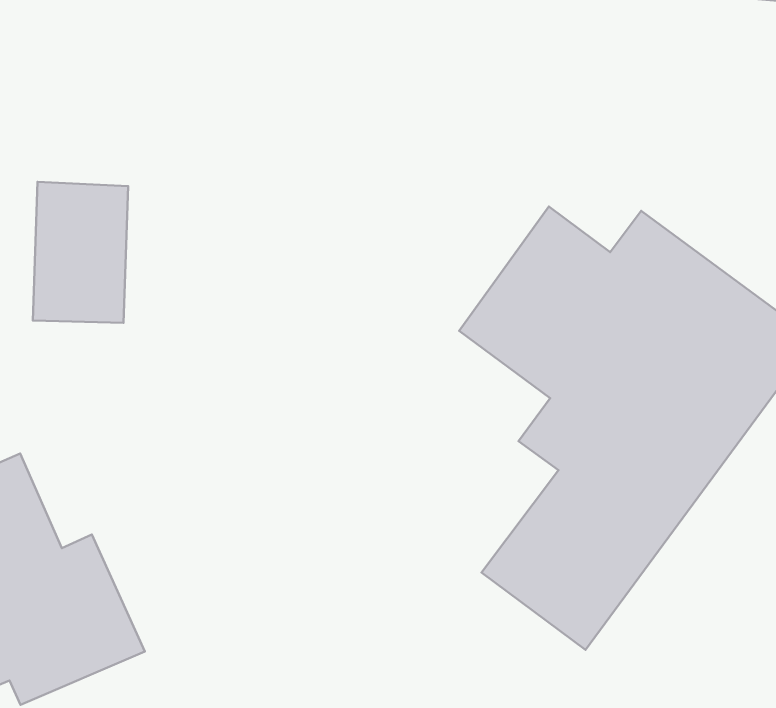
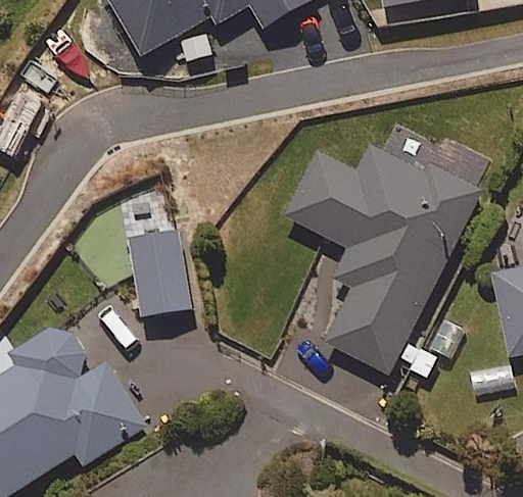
building: [33,182,128,323] -> [130,234,190,316]

